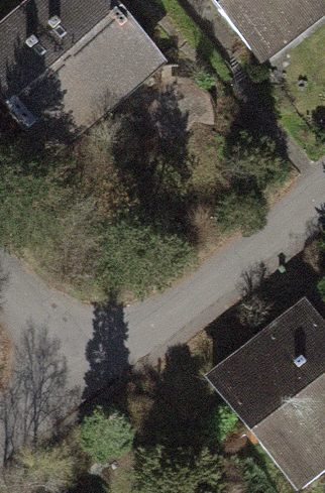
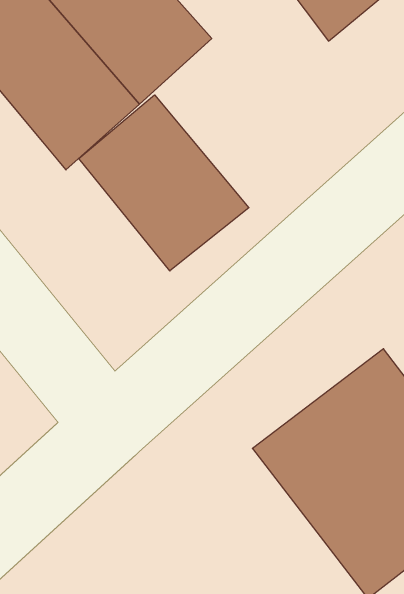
building: none -> [79,95,249,271]

